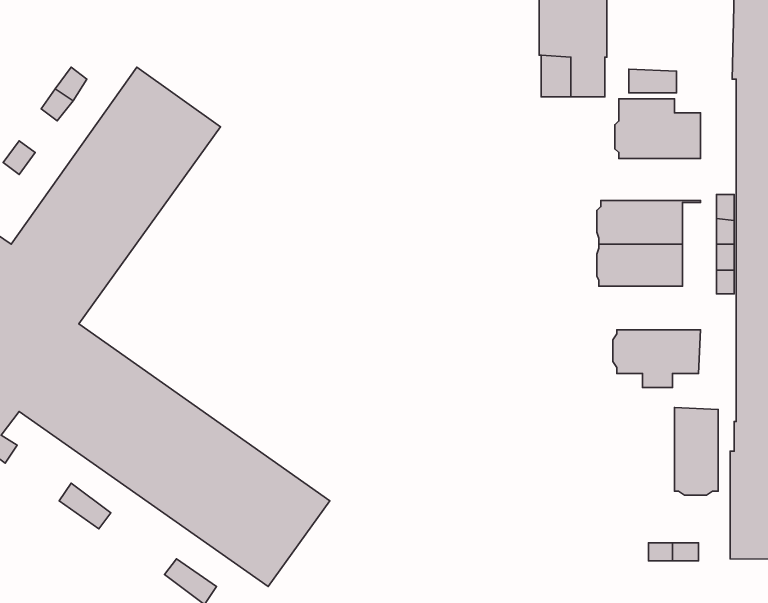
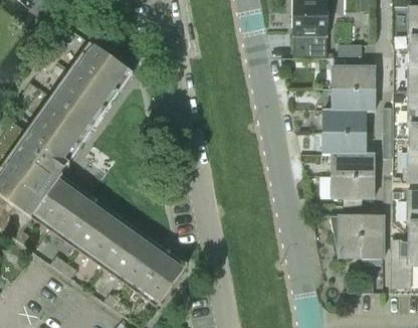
building: none -> [325,90,375,111]
building: none -> [324,154,375,176]
building: none -> [331,215,362,260]

